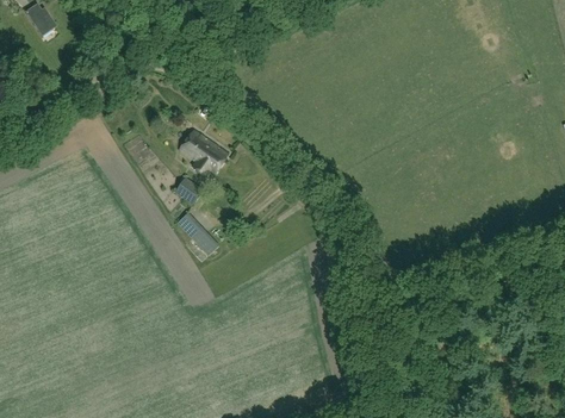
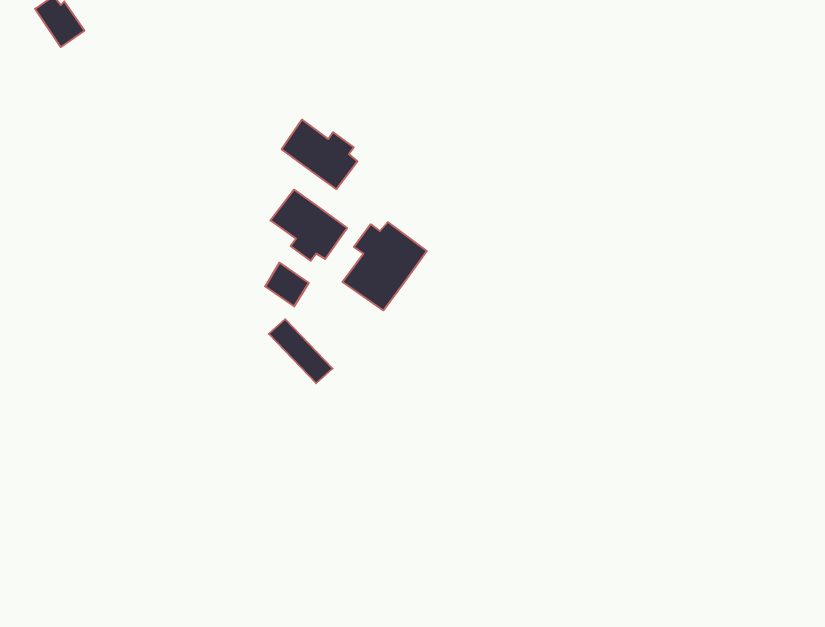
building: none -> [282,120,357,189]
building: none -> [342,222,427,310]

